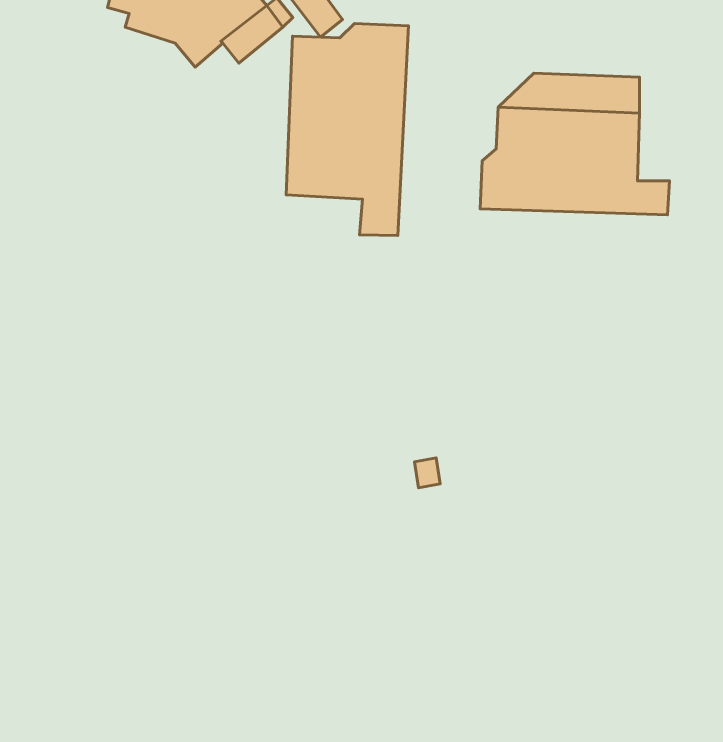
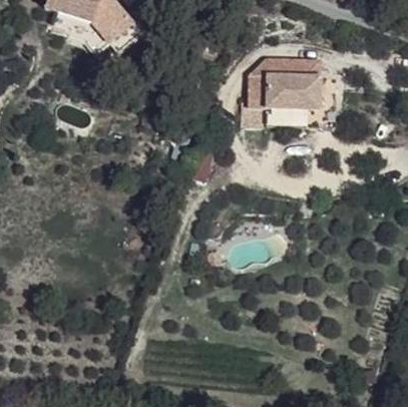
building: [286,24,409,236] -> none

